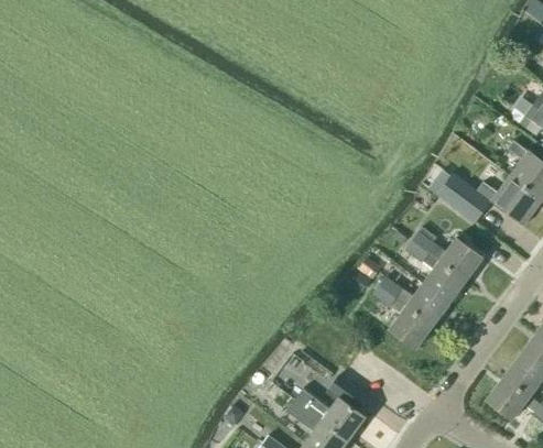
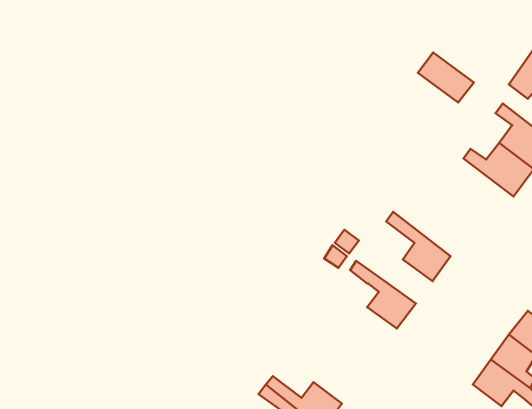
building: [437,176,489,222] -> [418,53,474,103]
building: [413,231,484,281] -> none
building: [379,276,449,325] -> none

